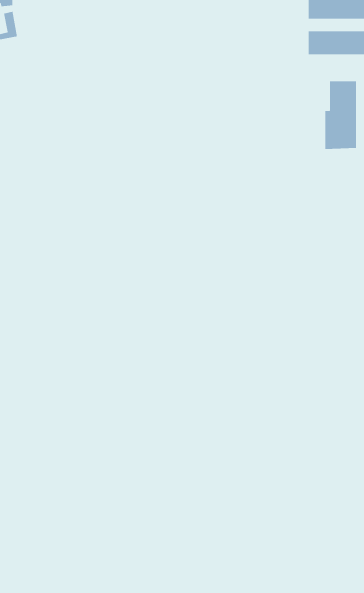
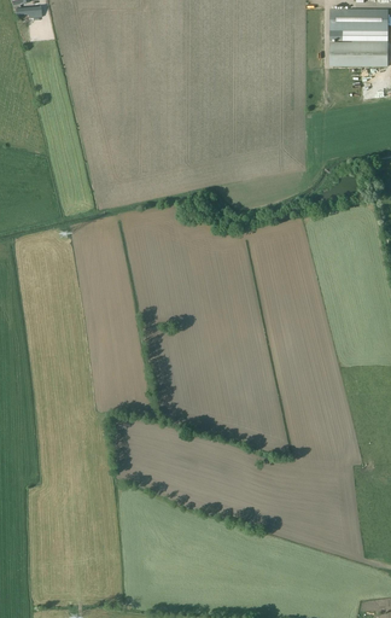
building: [324,80,357,150] -> none

